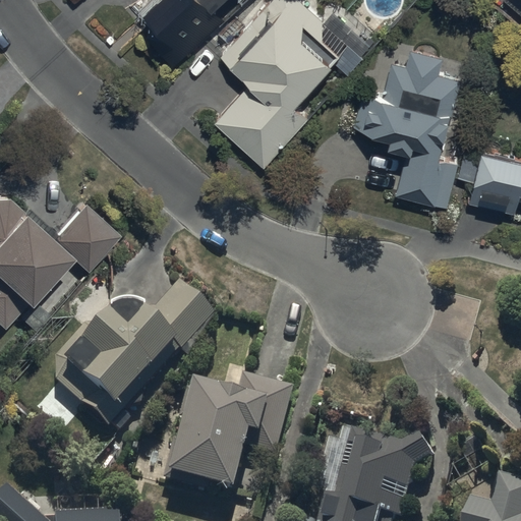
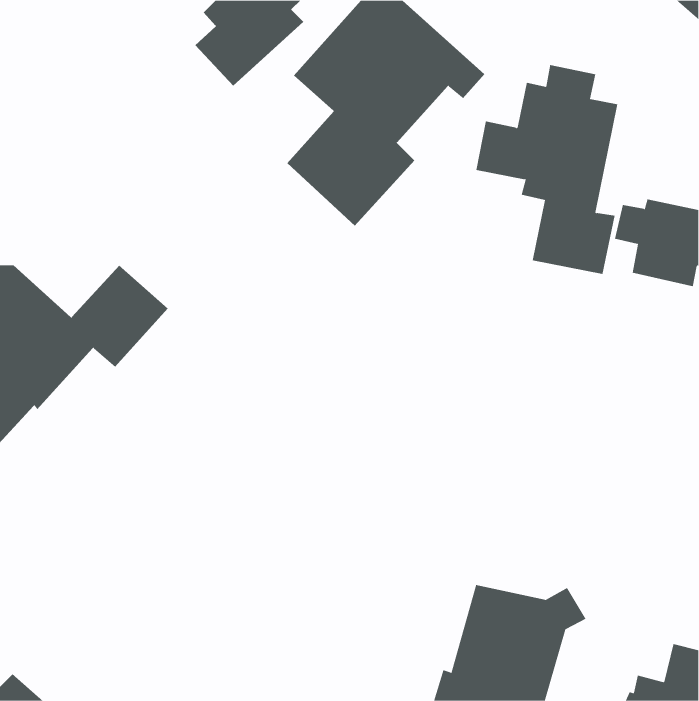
building: [32,284,213,440] -> none
building: [163,379,292,502] -> none

